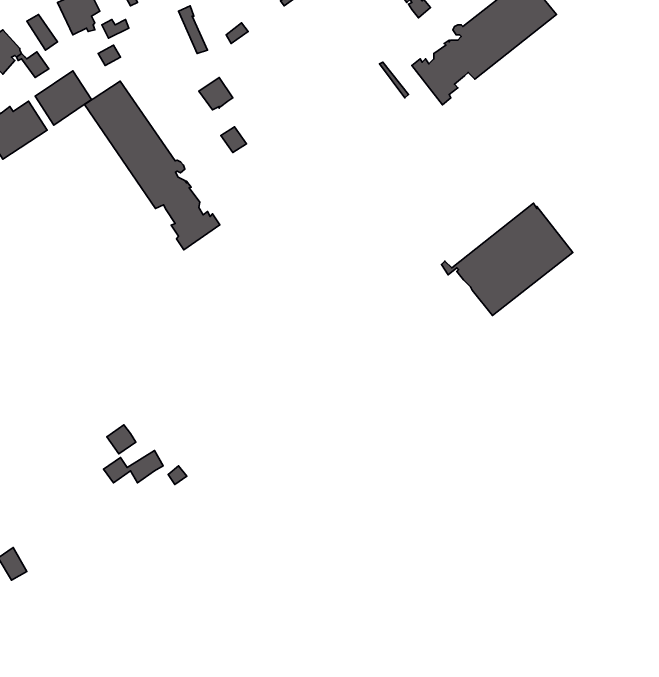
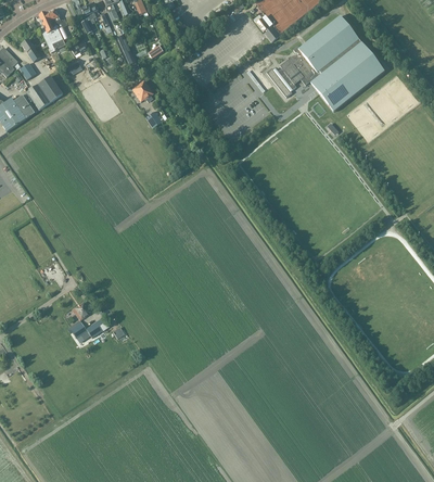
building: [85,81,220,250] -> none
building: [442,203,573,316] -> [301,39,384,111]

